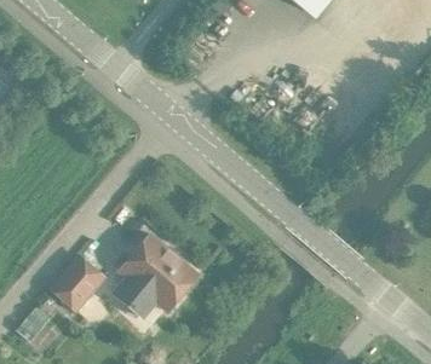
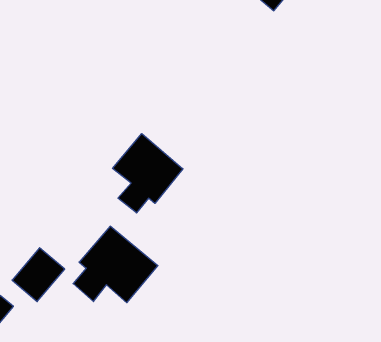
building: none -> [113,134,183,213]

